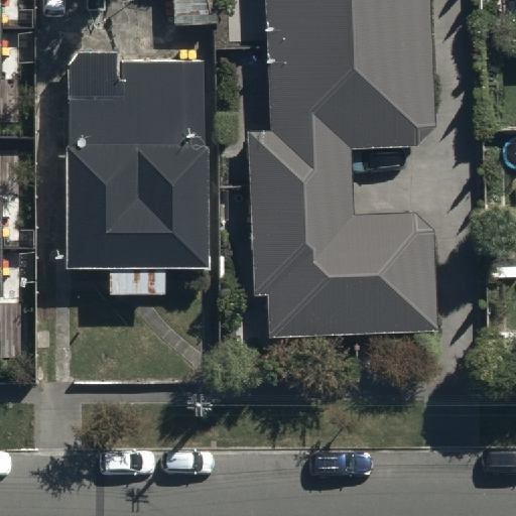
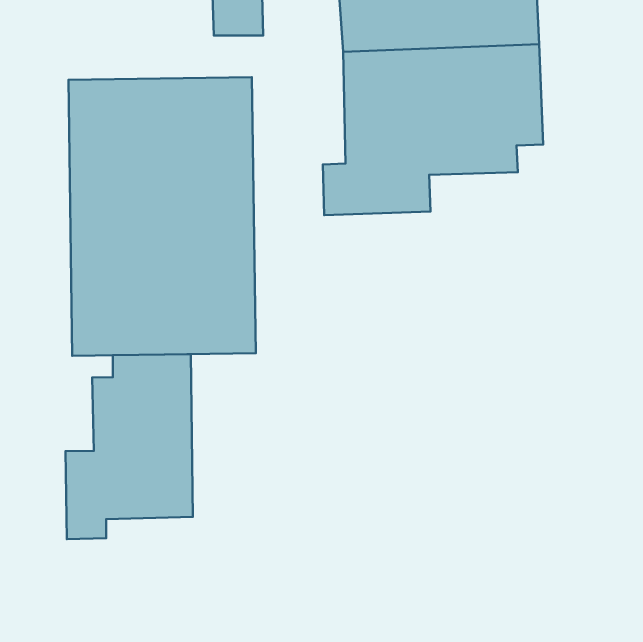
building: [261,168,433,319] -> none
building: none -> [65,354,193,539]

